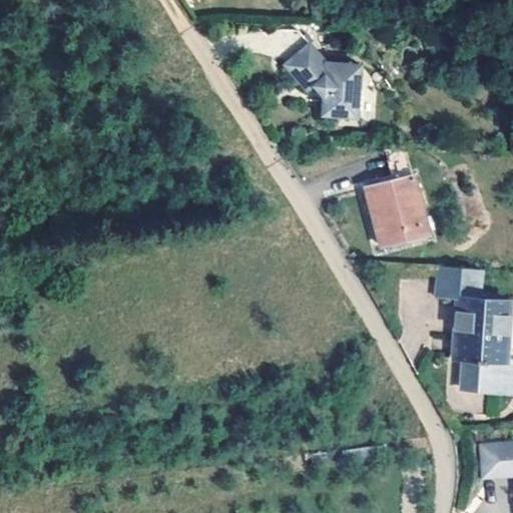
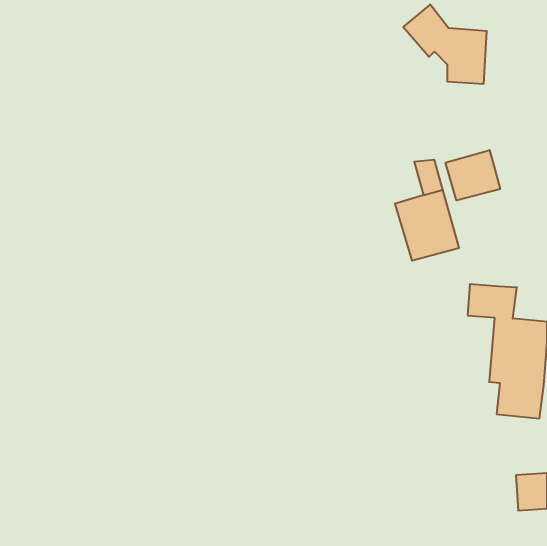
building: [282,43,360,117] -> [403,4,487,84]
building: none -> [446,150,500,200]

